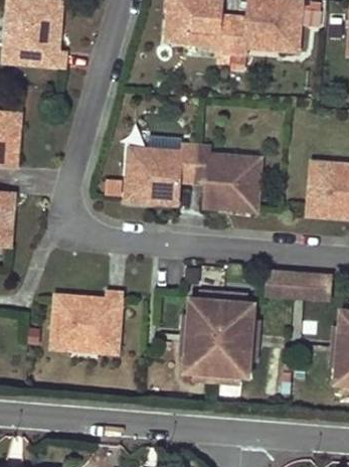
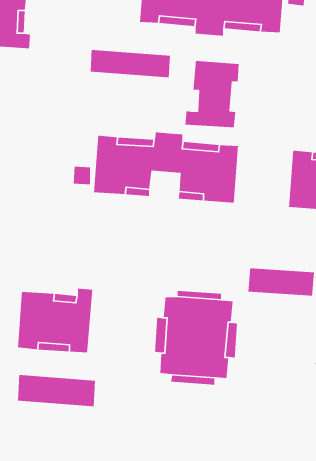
building: none -> [90,49,171,78]
building: none -> [184,60,239,128]
building: none -> [17,374,96,407]

